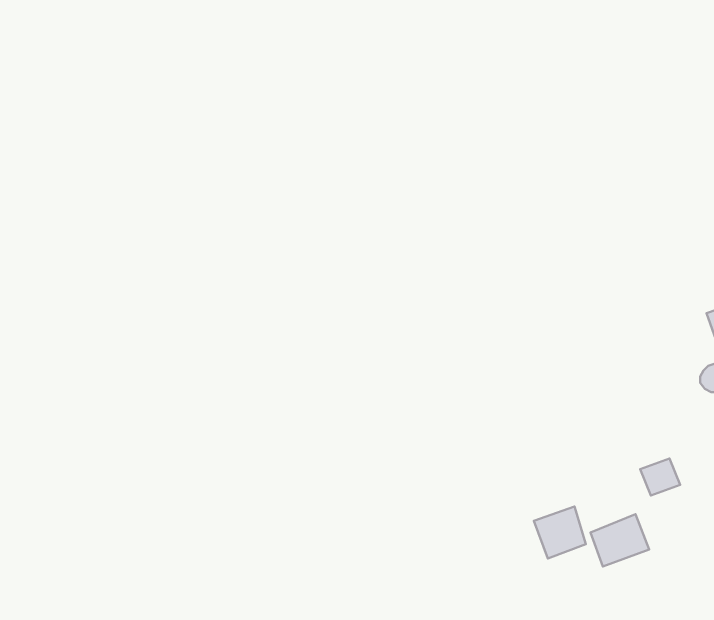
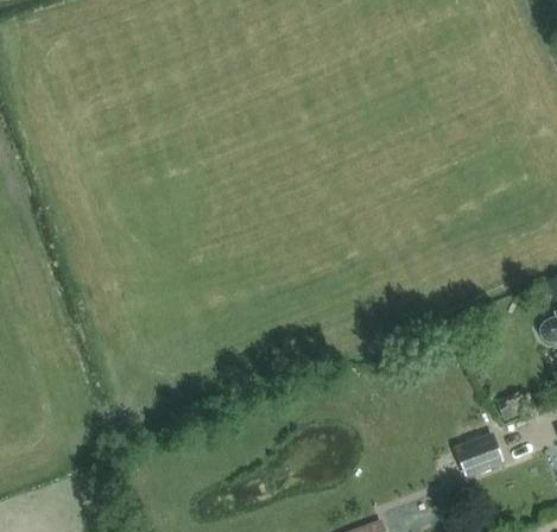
building: [534,507,586,558] -> none

